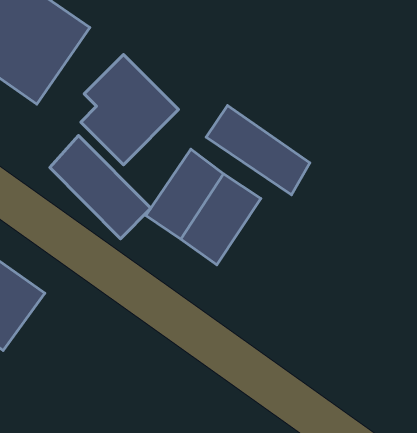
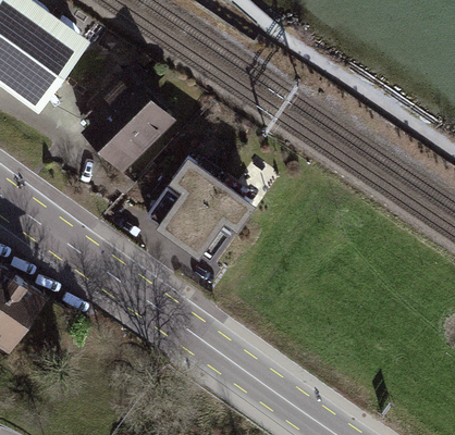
building: [206,106,310,195] -> none
building: [50,136,151,239] -> none

